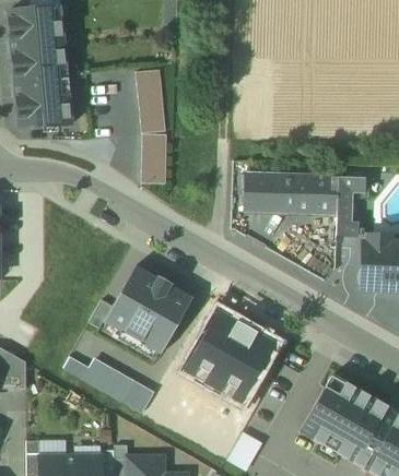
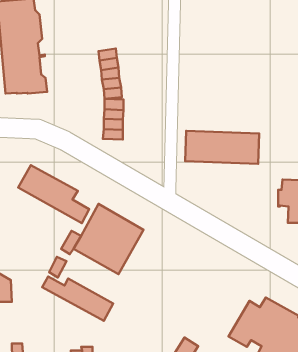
building: [335,176,363,235] -> none
building: none -> [18,165,89,223]
building: [183,309,274,402] -> none

